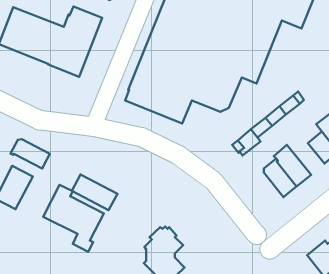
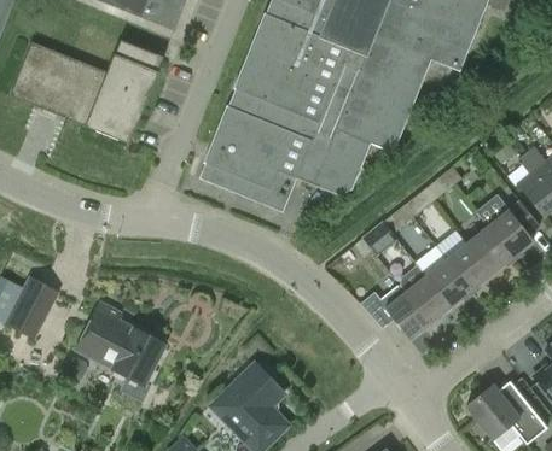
building: [11,139,50,169] -> none
building: none -> [448,241,493,288]
building: none -> [362,285,432,339]
building: [72,174,117,210] -> none

